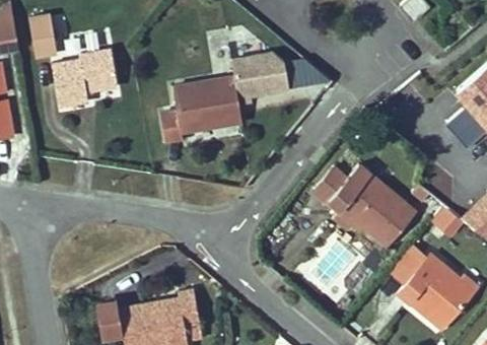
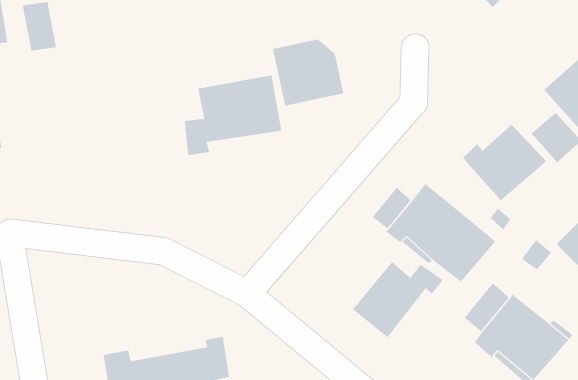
building: [53,49,117,108] -> none
building: none -> [462,124,547,202]
building: none -> [352,261,443,338]

